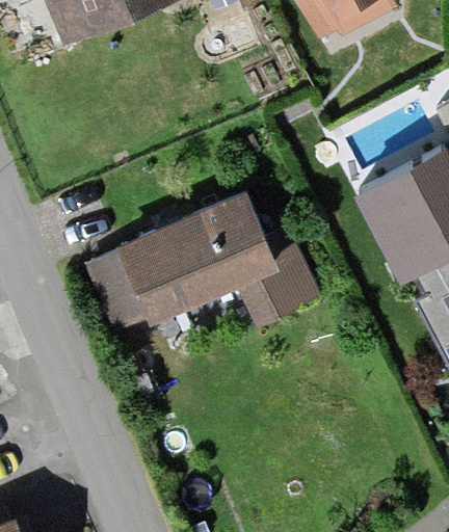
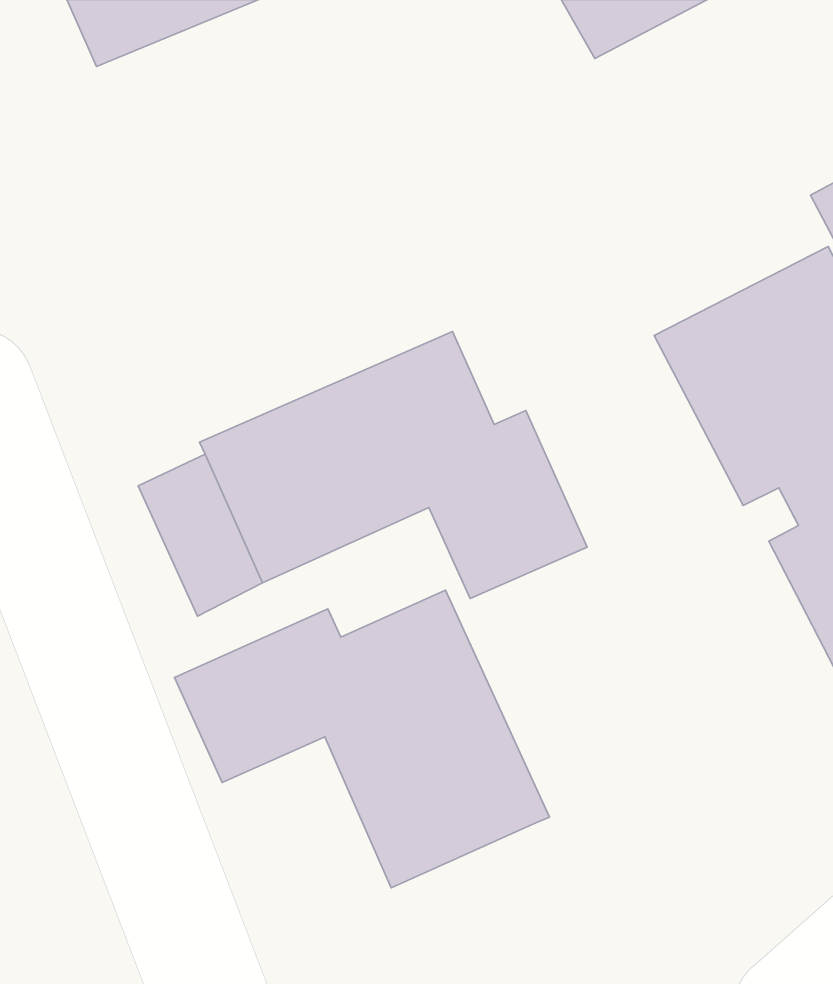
building: none -> [174,590,550,888]

